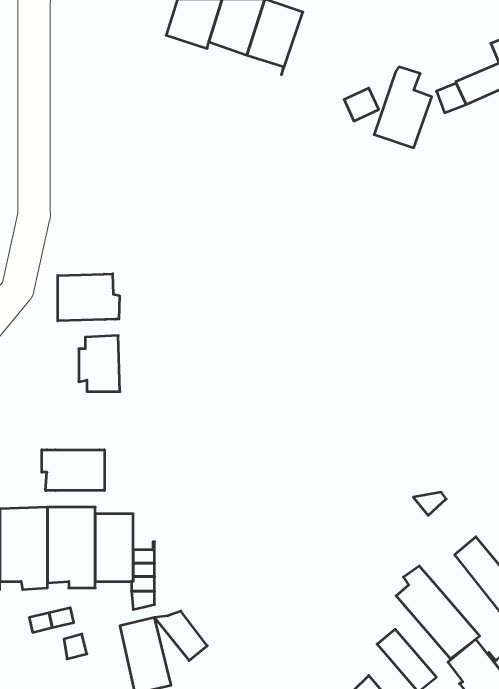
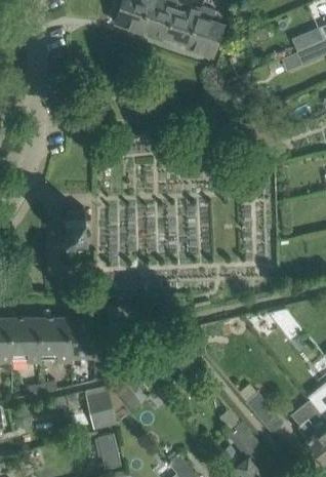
building: [374,67,432,148] -> [187,6,222,56]
building: [58,274,119,321] -> none
building: [42,450,104,491] -> none
building: [396,566,480,659] -> none

